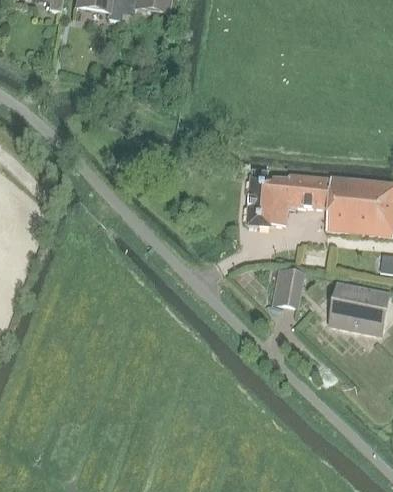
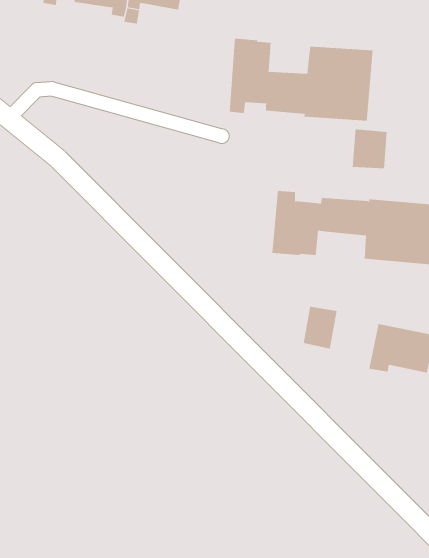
building: none -> [229,38,373,121]
building: none -> [352,129,387,169]

